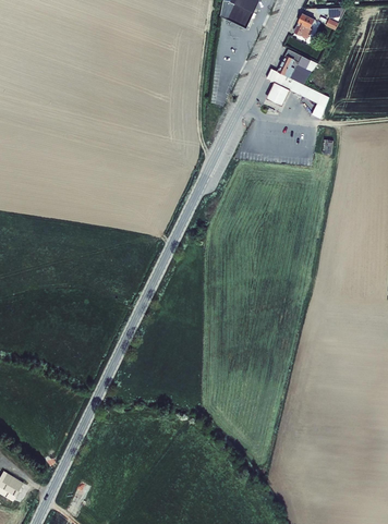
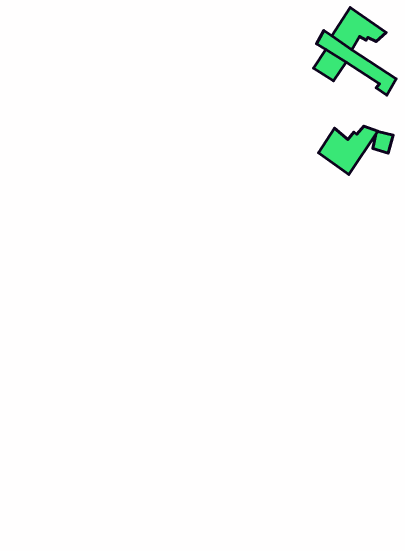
building: none -> [319,126,378,175]

